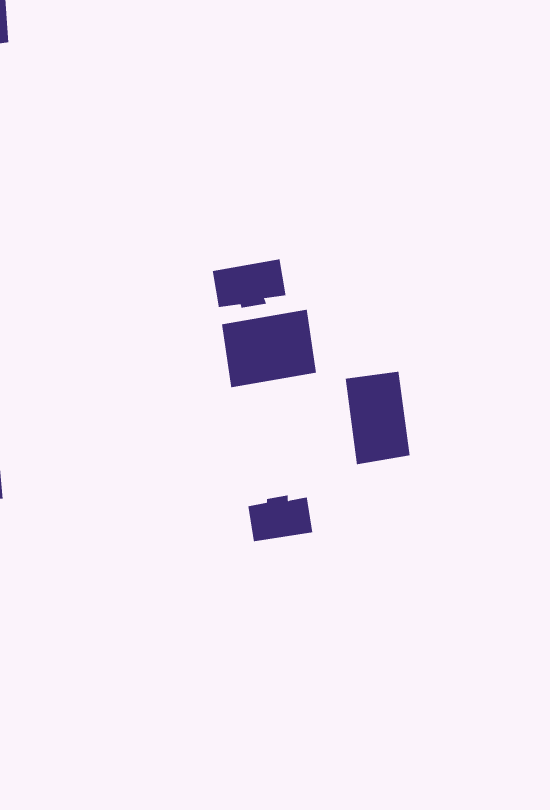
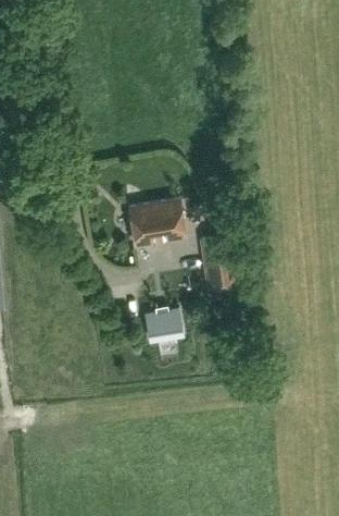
building: [212,259,286,309] -> none

